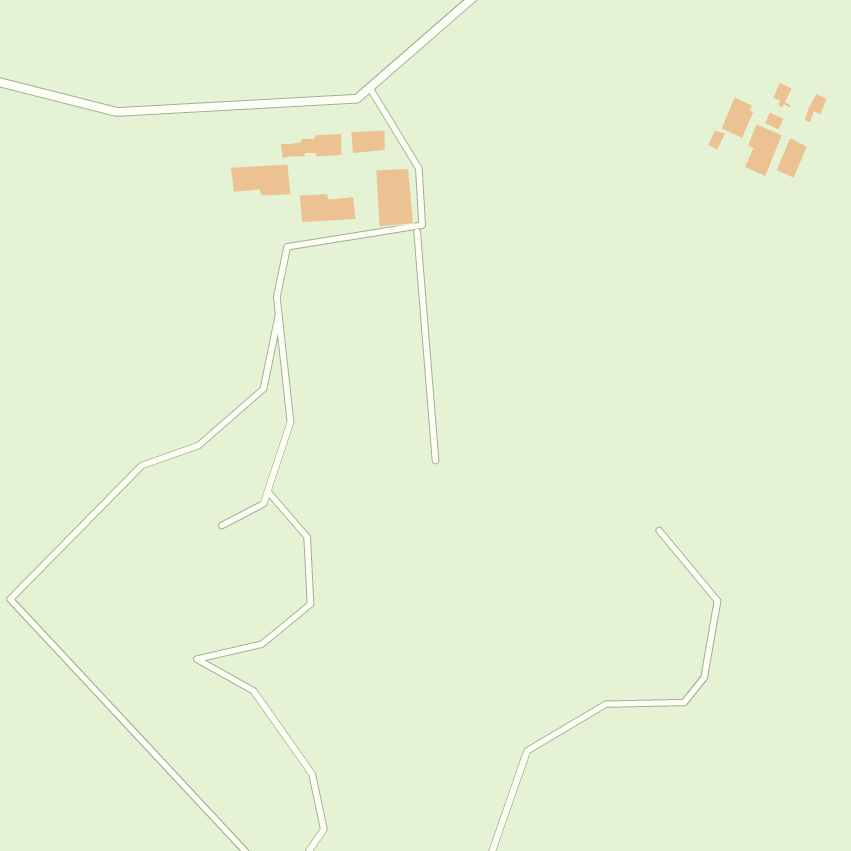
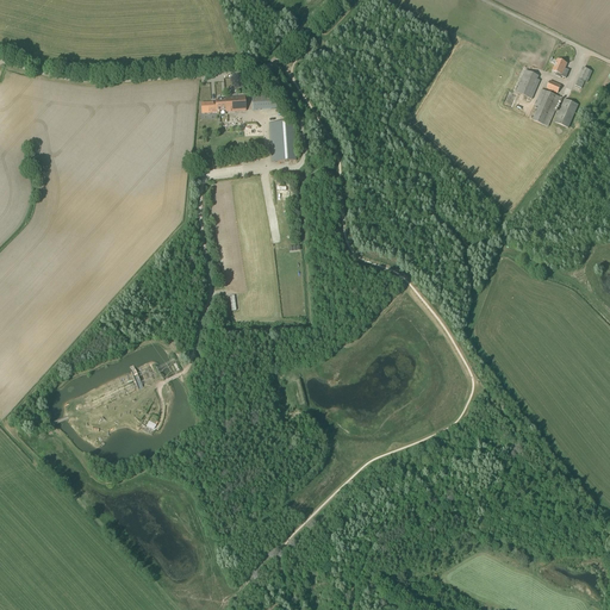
building: [230,164,291,196] -> none
building: [299,193,356,223] -> none

